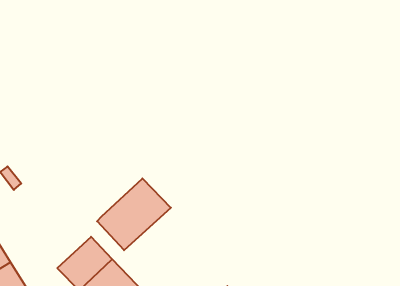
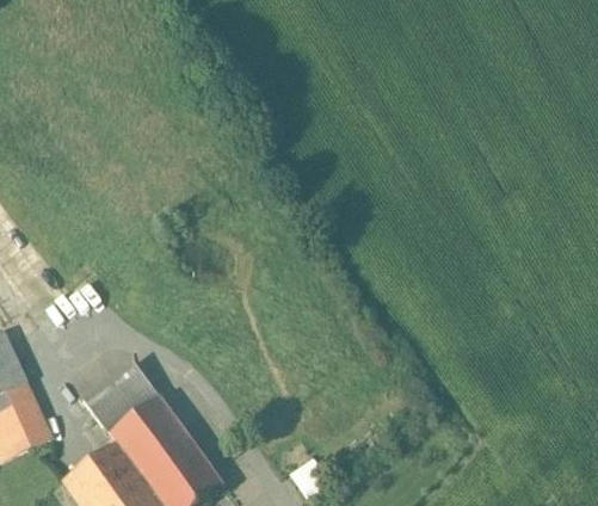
building: [97,178,171,250] -> none

